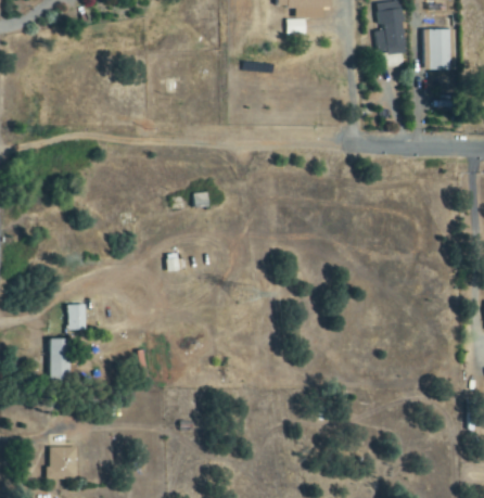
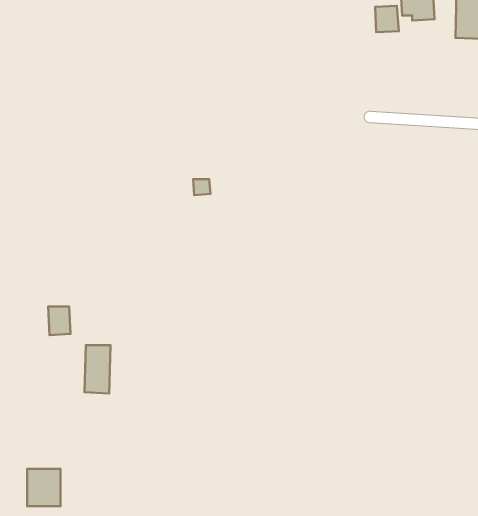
building: none -> [375,6,399,32]
building: [49,337,72,380] -> [85,345,111,393]

